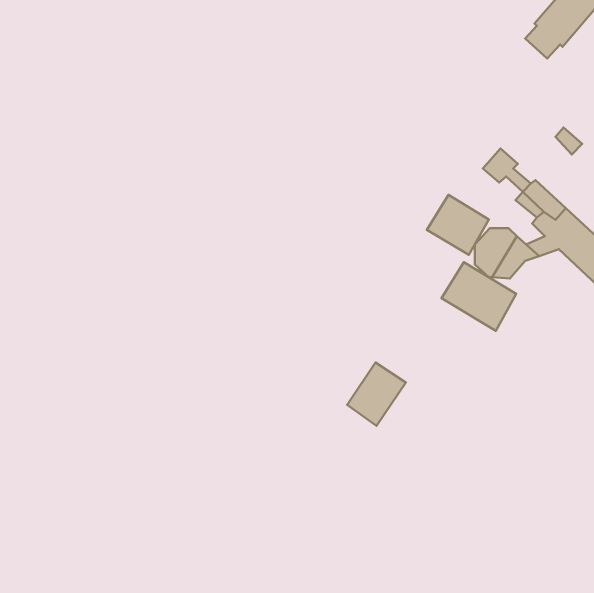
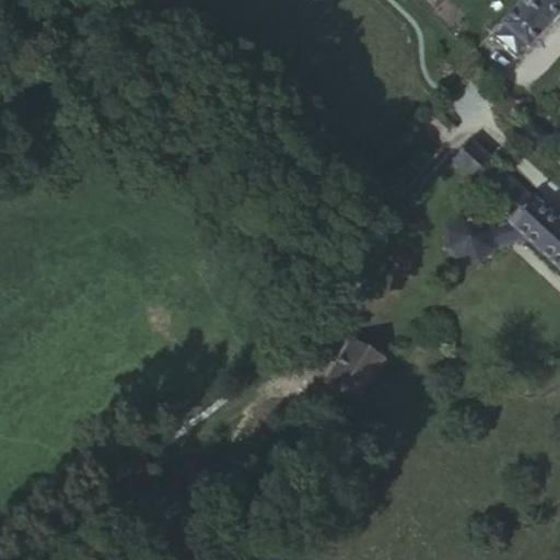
building: [427,195,489,255] -> none
building: [442,262,516,331] -> none

